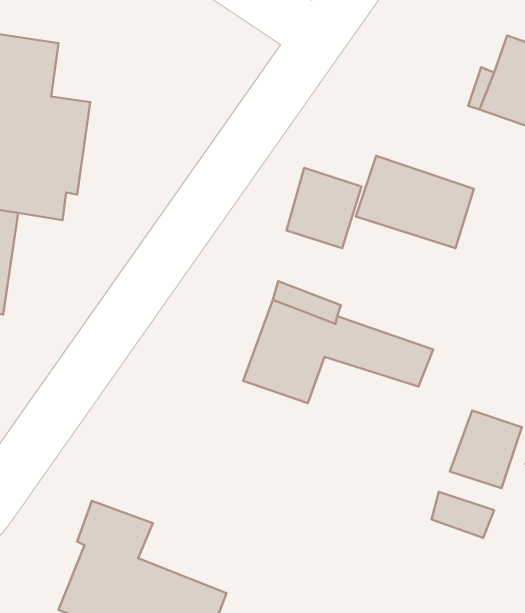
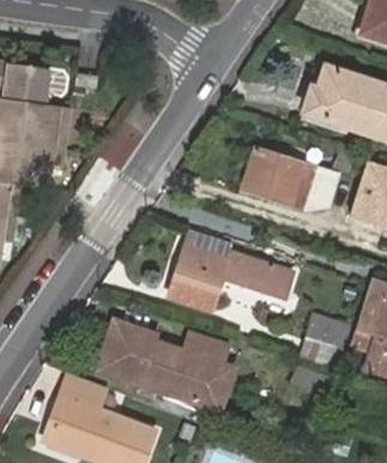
building: [286,168,361,248] -> none
building: none -> [92,315,235,411]

